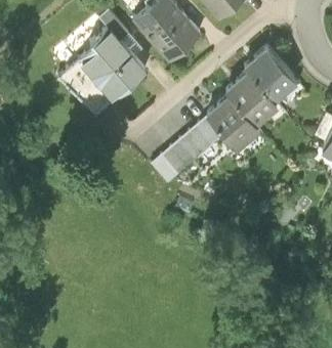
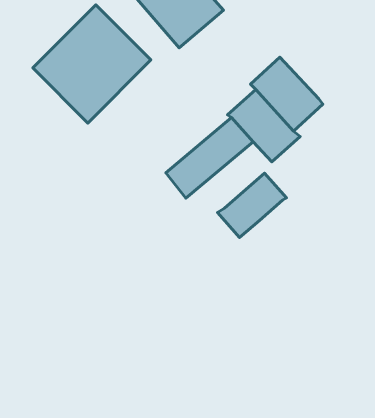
building: [244,43,299,99] -> none
building: none -> [218,173,286,237]

